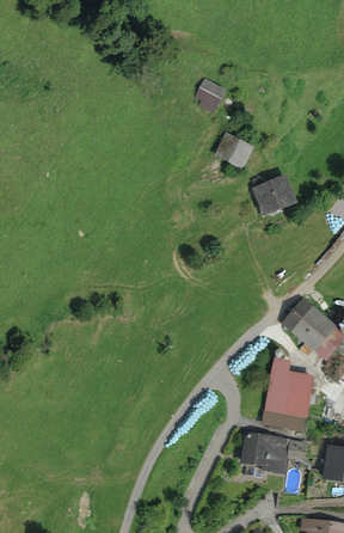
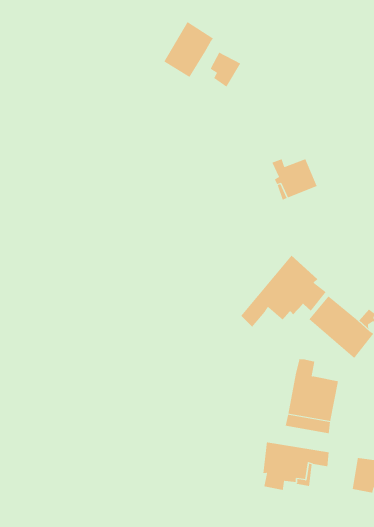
building: none -> [164,21,214,78]
building: [216,133,251,165] -> none
building: none -> [241,255,326,327]

